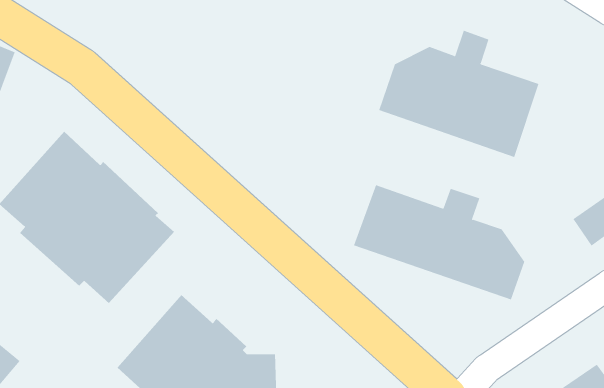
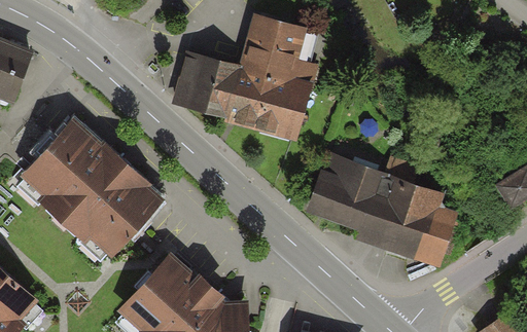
building: none -> [174,23,313,137]
building: [378,30,539,158] -> none

